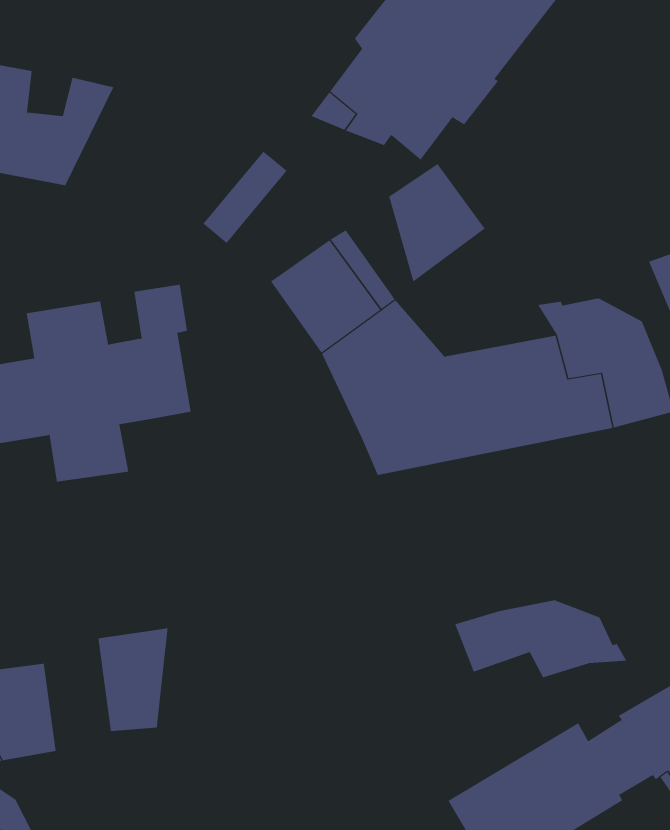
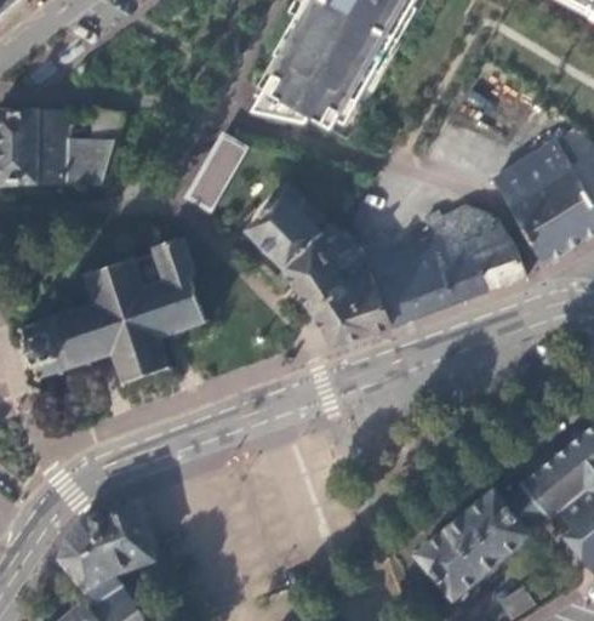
building: [389,163,485,283] -> none
building: [455,599,627,678] -> none
building: [98,628,168,732] -> none

